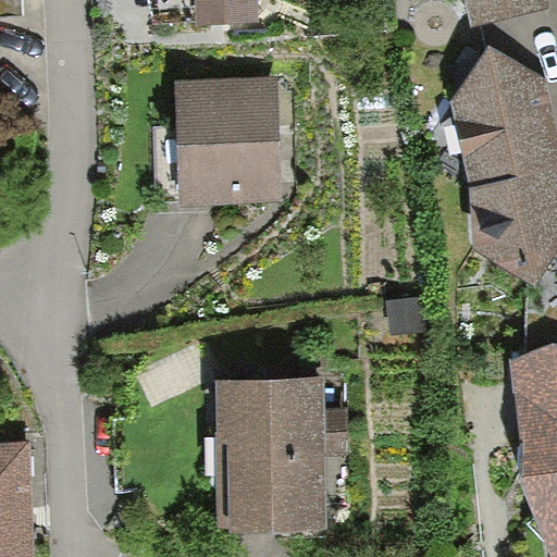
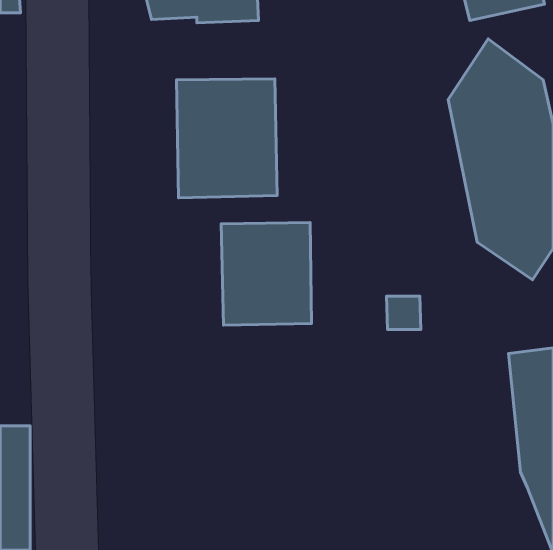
building: none -> [221,222,312,325]
building: [218,380,347,527] -> none

